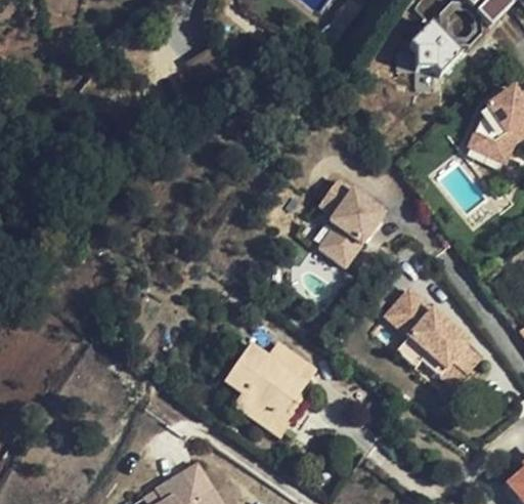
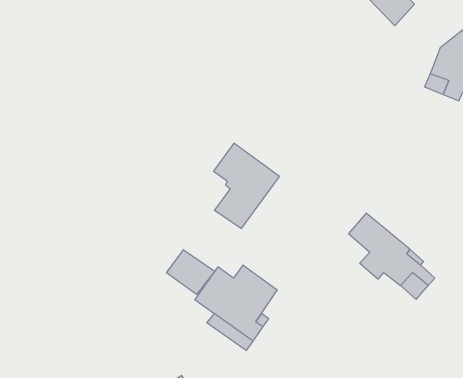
building: [318,175,391,269] -> [214,143,279,229]
building: none -> [166,250,215,294]

